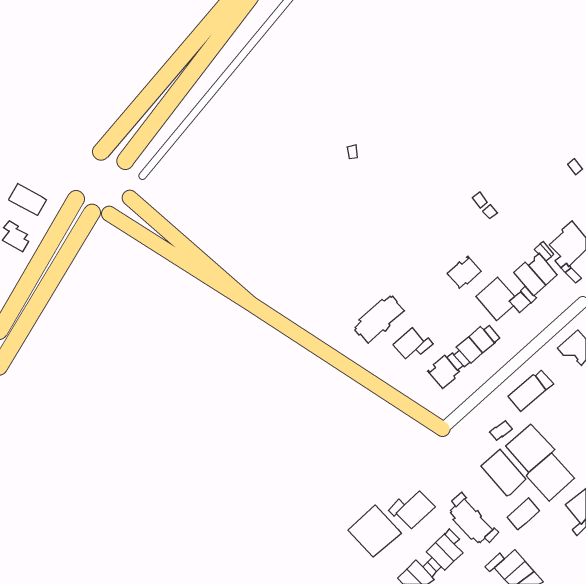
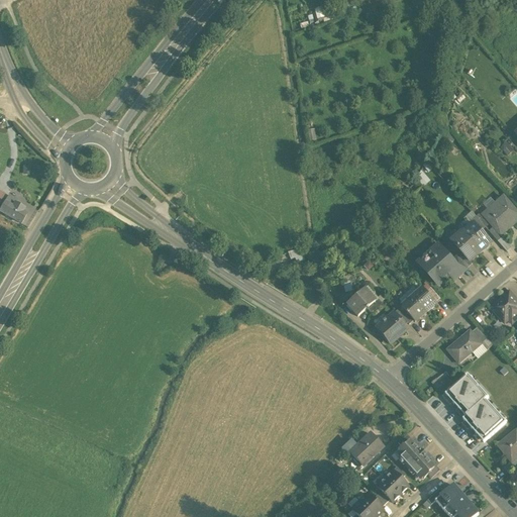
building: [9,183,46,215] -> none
building: [447,256,481,288] -> none
building: [355,296,405,343] -> none
building: [481,449,526,496] -> none
building: [507,498,539,530] -> none
building: [348,505,401,557] -> none

